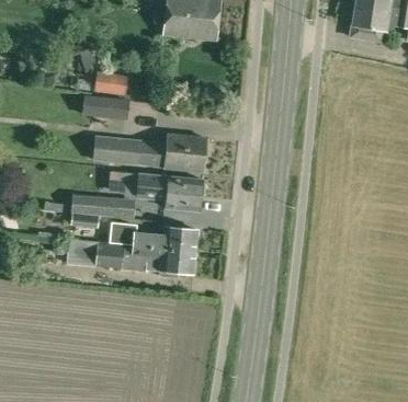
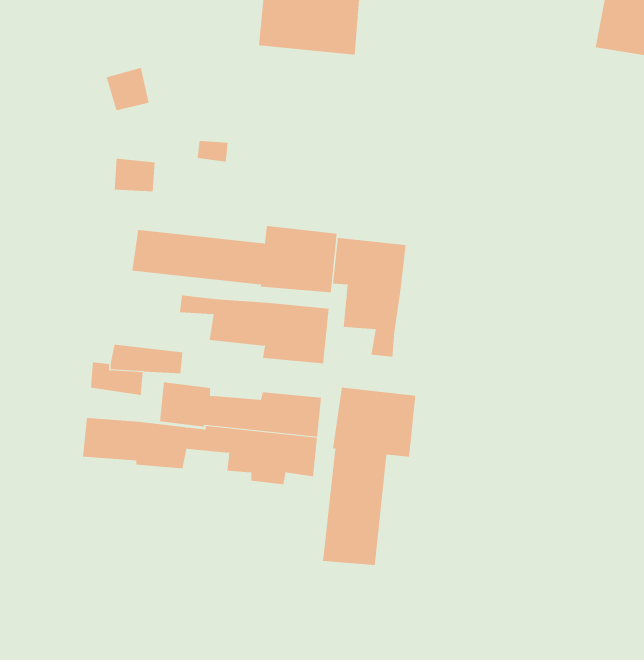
building: [94,72,128,96] -> none
building: none -> [332,237,406,357]
building: none -> [322,387,416,566]

